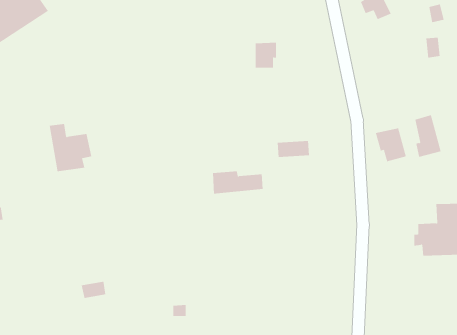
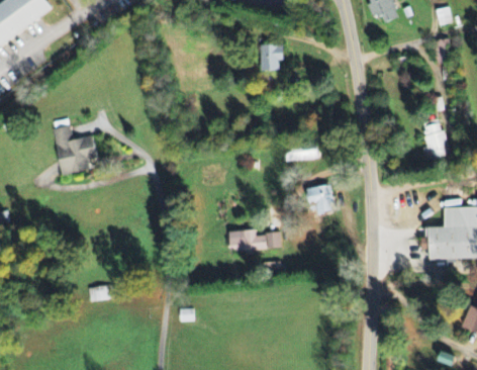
building: [375,128,406,162] -> none
building: [212,171,263,194] -> [228,229,280,253]
building: none -> [307,185,332,212]

